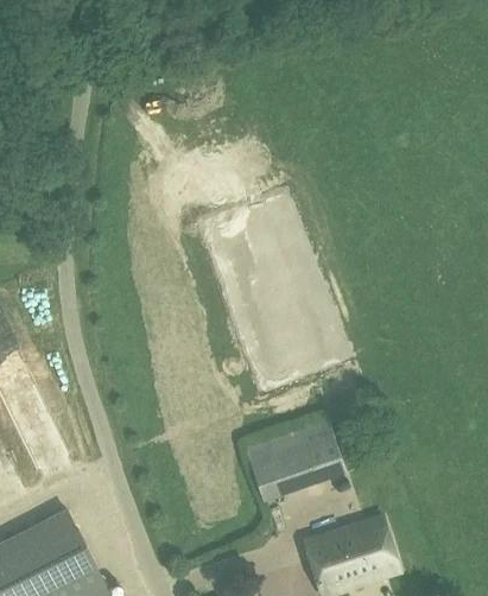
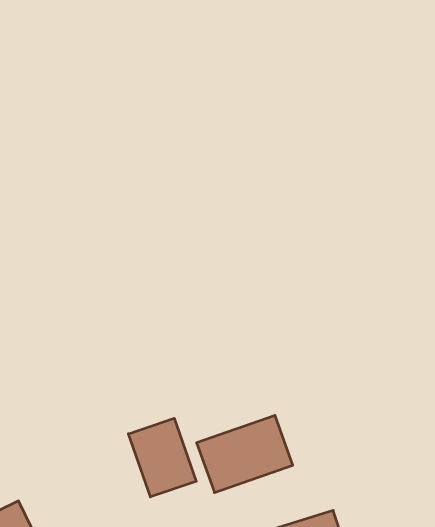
building: none -> [128,418,196,497]

